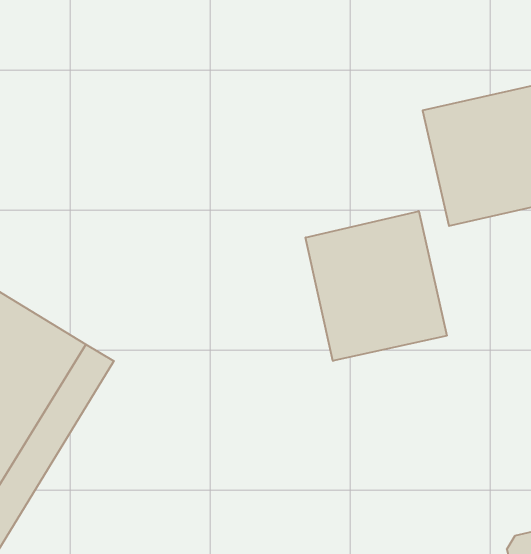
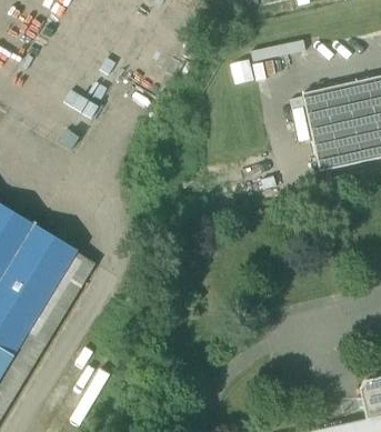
building: [306,211,447,361] -> none

